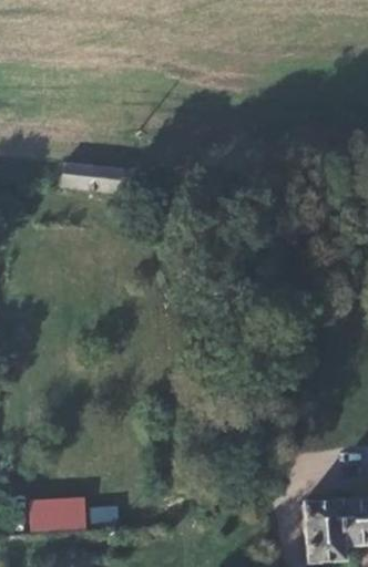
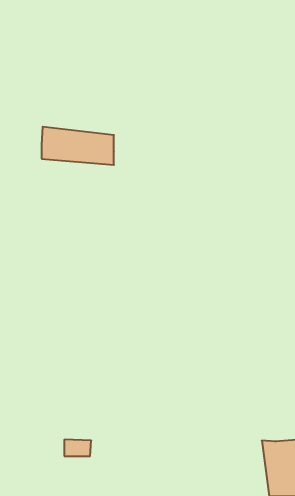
building: [27,493,84,526] -> none

